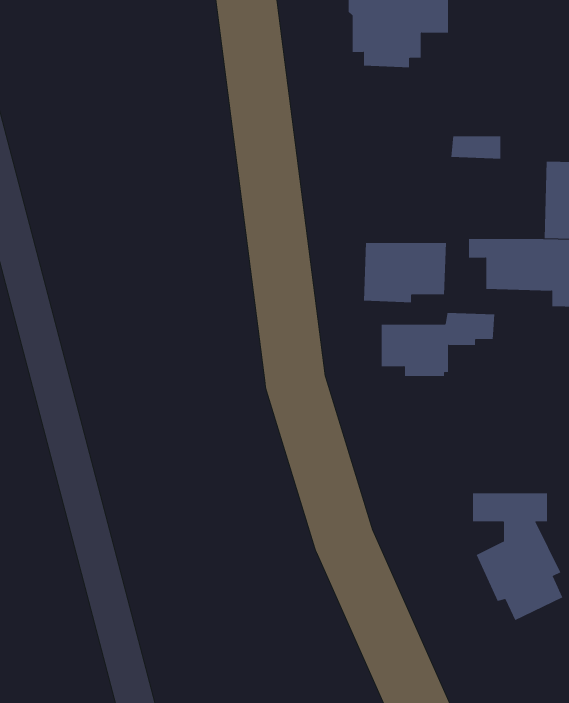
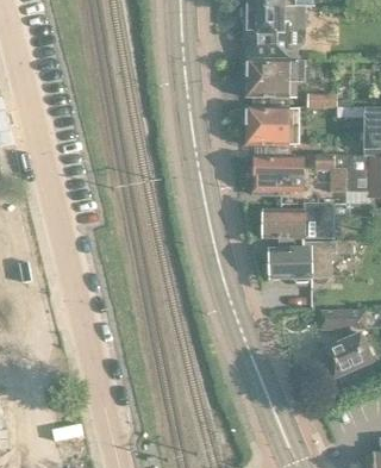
building: none -> [245,50,306,98]
building: none -> [245,107,300,146]
building: none -> [271,241,354,279]

